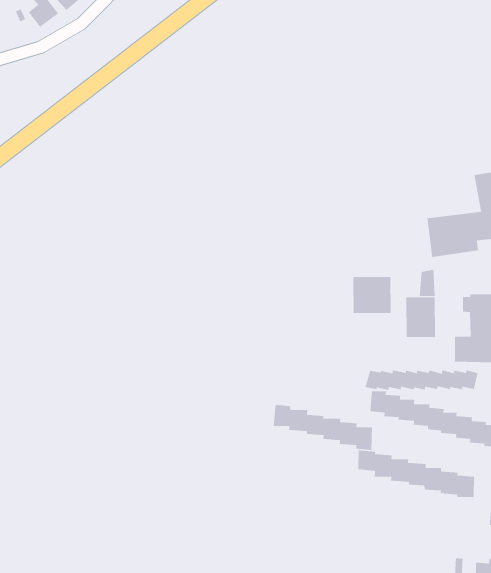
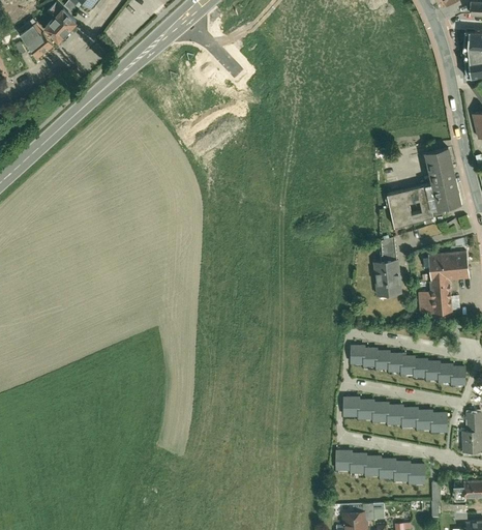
building: [353,276,391,314] -> none
building: [365,369,478,391] -> none
building: [273,404,373,451] -> [337,450,424,483]

